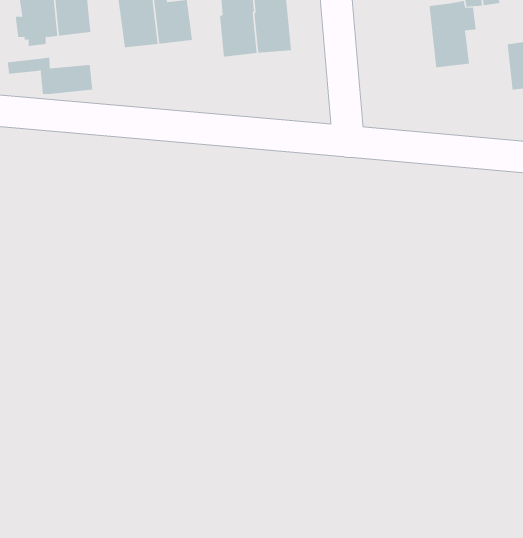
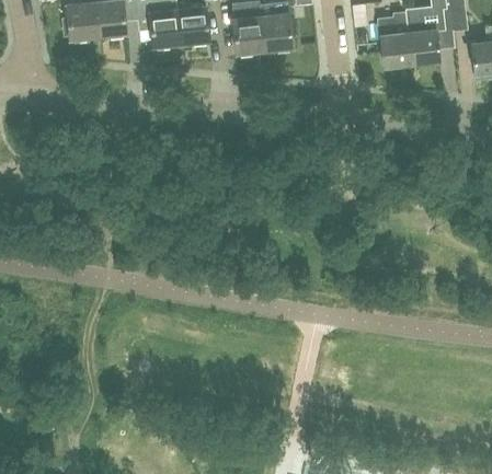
building: none -> [378,11,412,65]
building: [7,57,93,95] -> none

